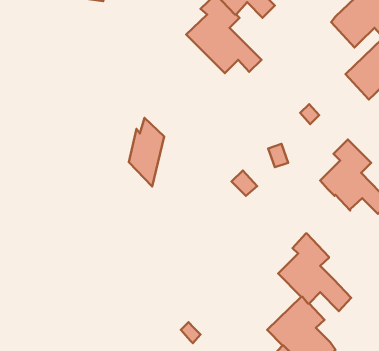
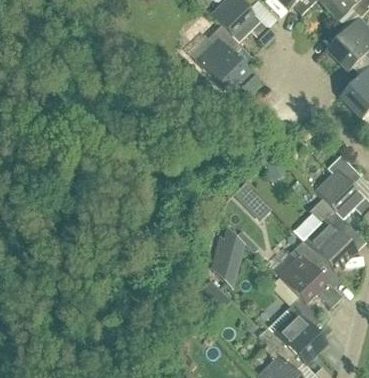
building: [129,118,164,186] -> [212,228,244,290]
building: none -> [294,200,353,269]

